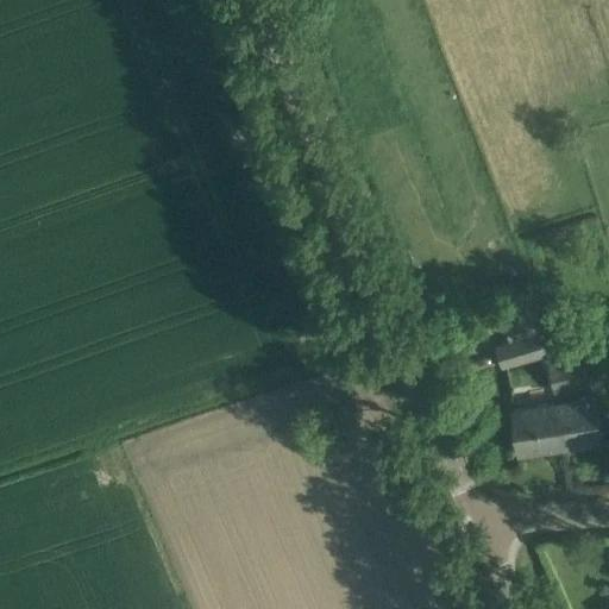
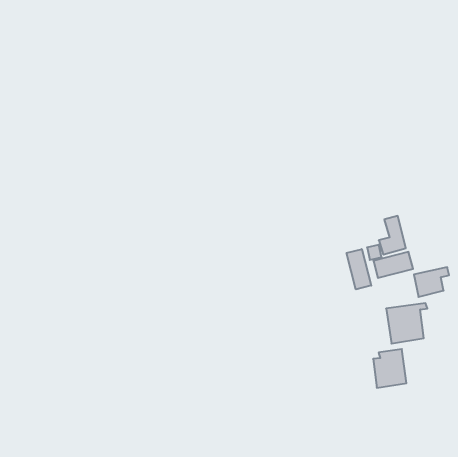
building: none -> [347,249,371,289]
building: [555,400,599,451] -> [373,349,406,388]

